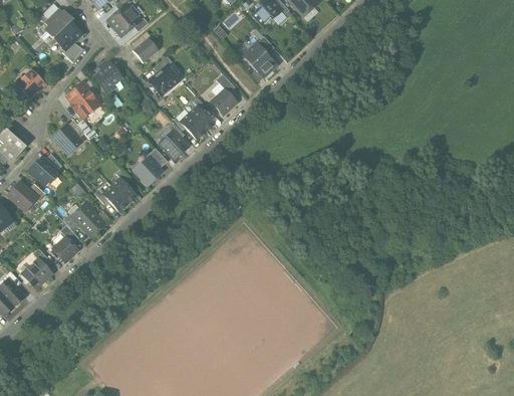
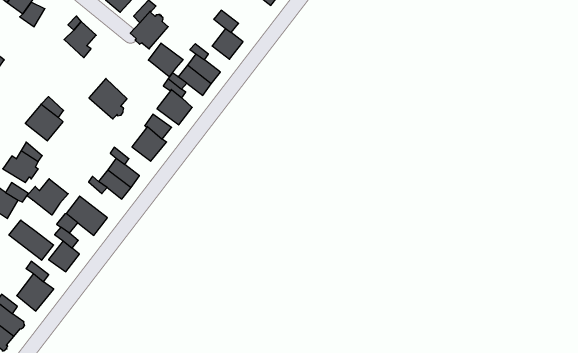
building: [67,83,97,117] -> [89,78,127,119]
building: none -> [148,43,183,77]
building: none -> [27,179,68,215]
building: none -> [9,220,54,260]

